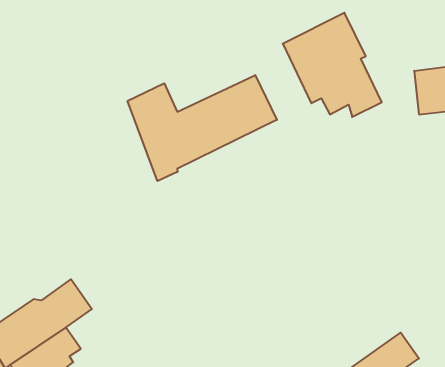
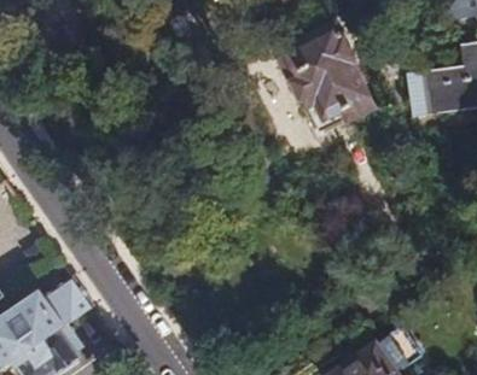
building: [128,75,277,181] -> none

